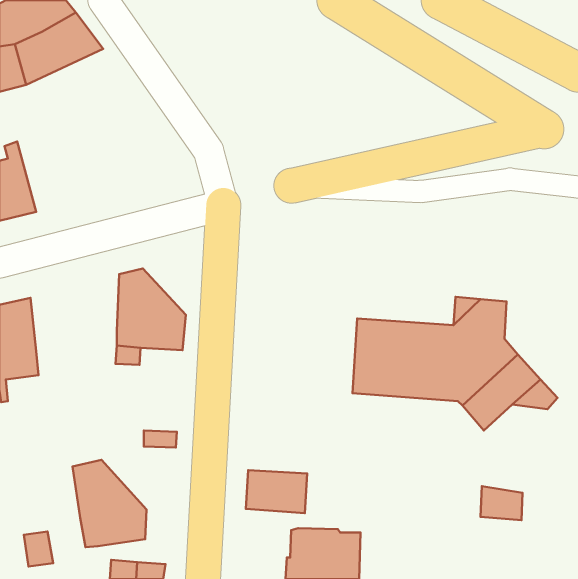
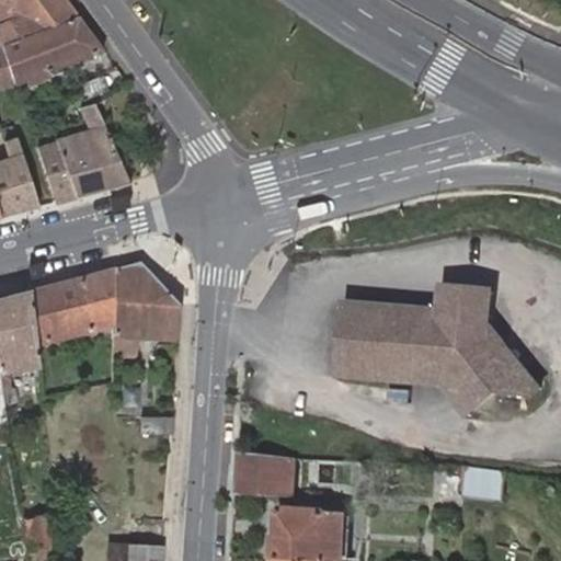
building: none -> [38,101,125,201]
building: none -> [30,265,115,340]
building: [72,460,147,547] -> none

